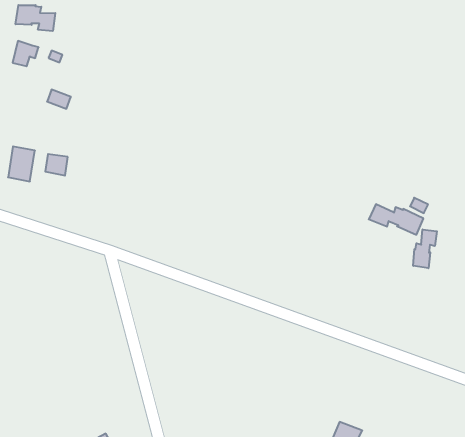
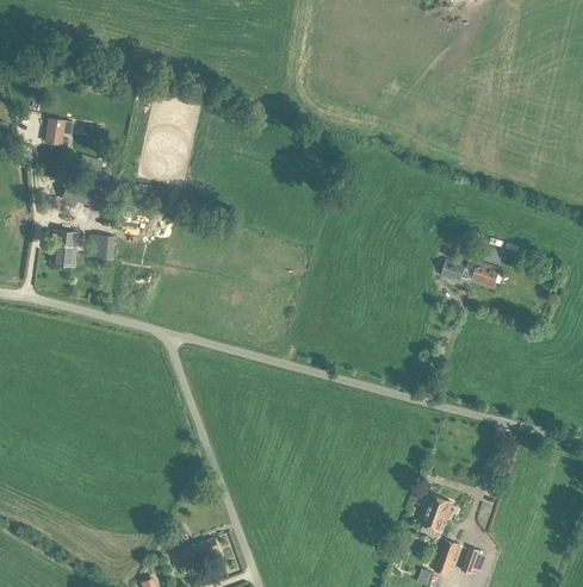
building: [16,5,55,31] -> none
building: [413,229,437,268] -> none

